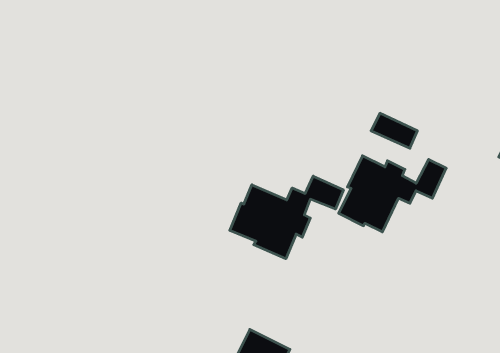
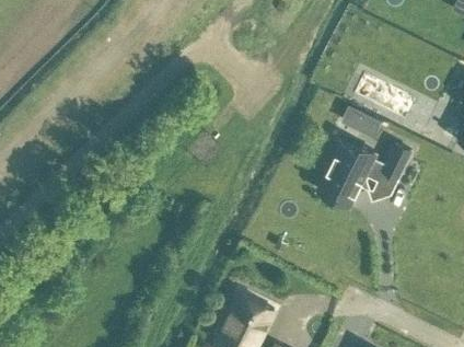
building: [230,176,343,259] -> none

